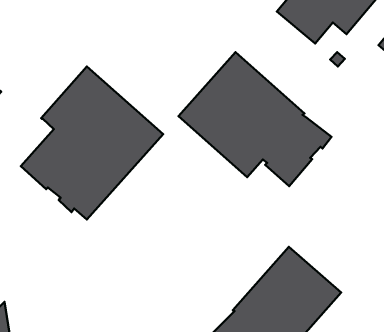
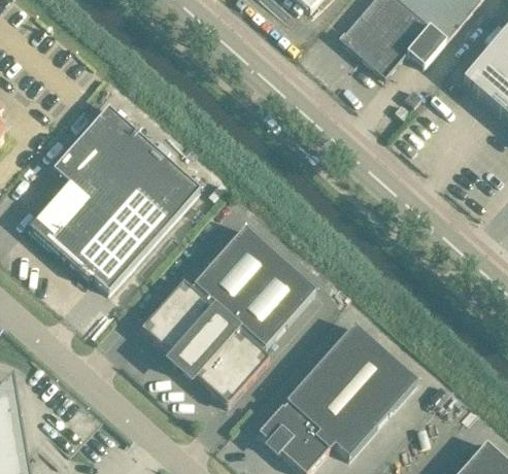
building: [178,52,332,186] -> none
building: none -> [141,227,316,404]

